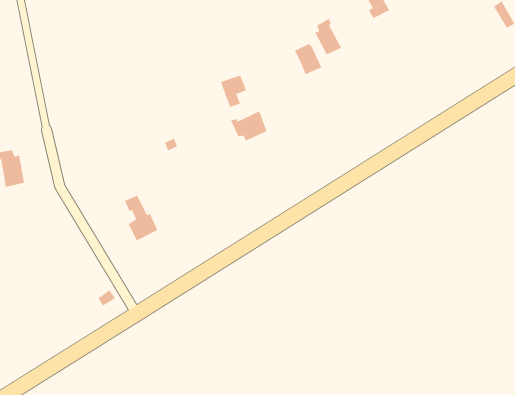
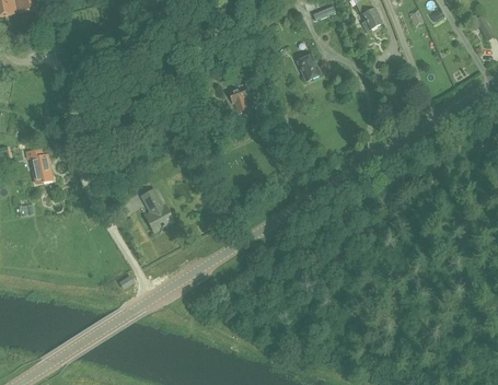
building: [315,18,342,55] -> none
building: [230,111,267,142] -> none

